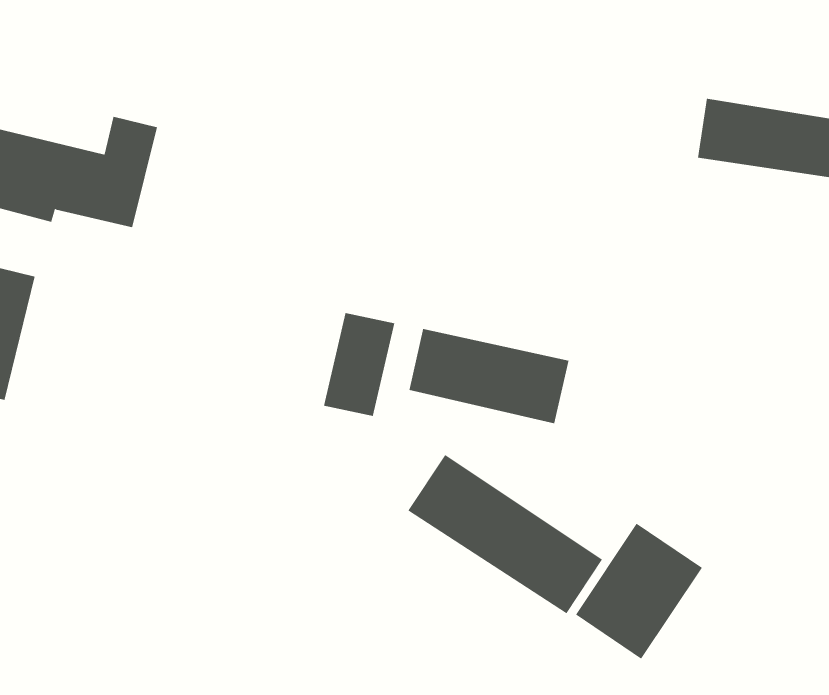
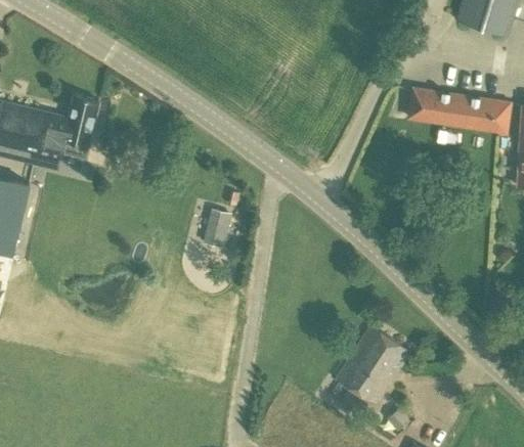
building: [409,328,569,424] -> none
building: [408,454,603,614] -> none

